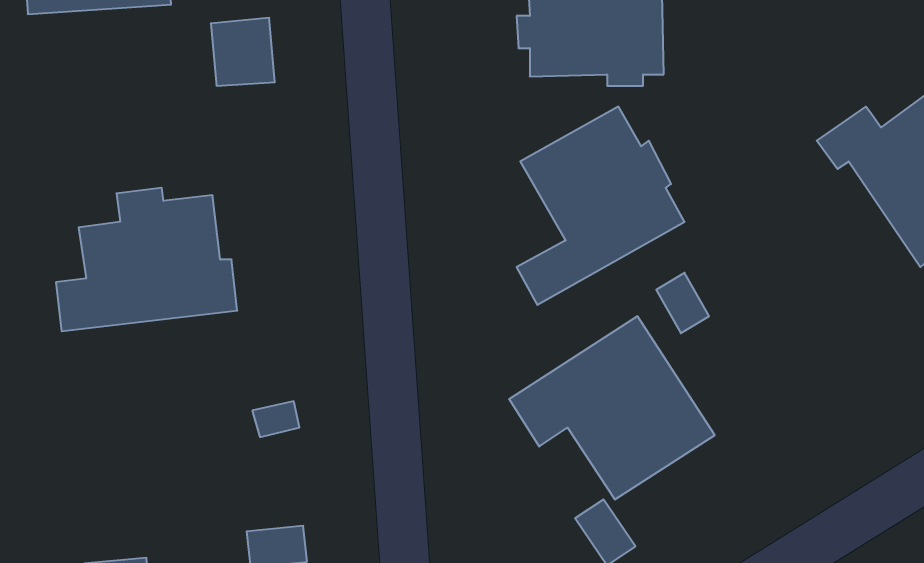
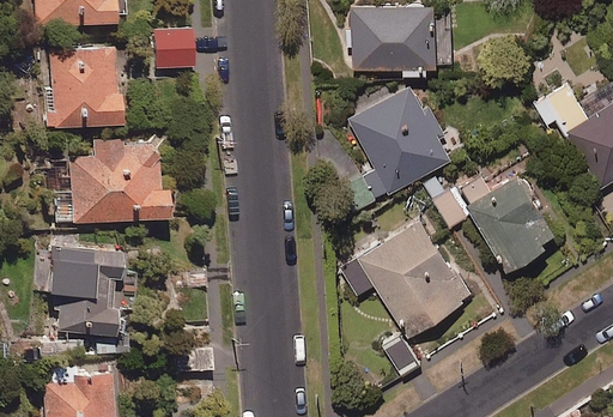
building: none -> [45,43,120,131]
building: none -> [462,169,559,265]
building: none -> [36,247,120,338]

